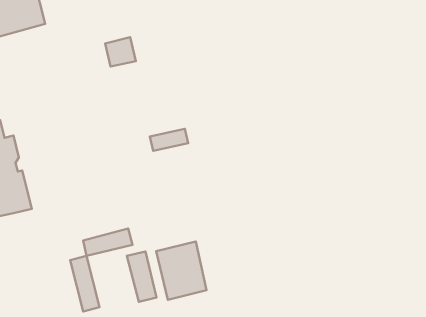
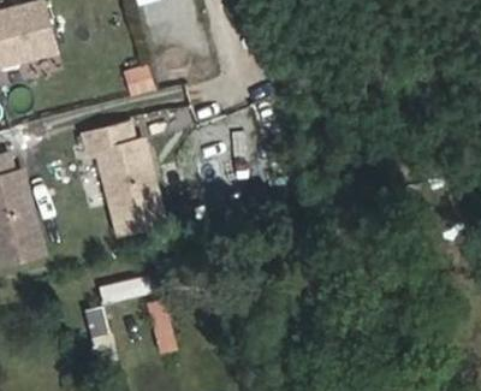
building: none -> [84,124,164,232]
building: [156,241,207,300] -> none

